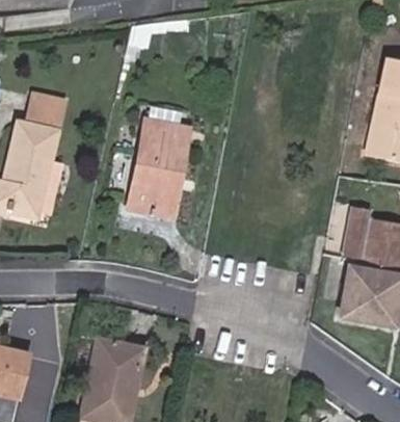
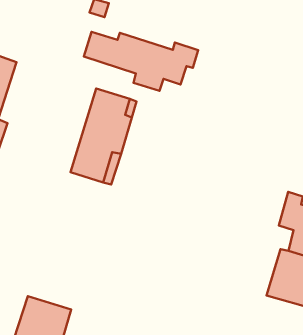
building: none -> [84,32,198,91]

